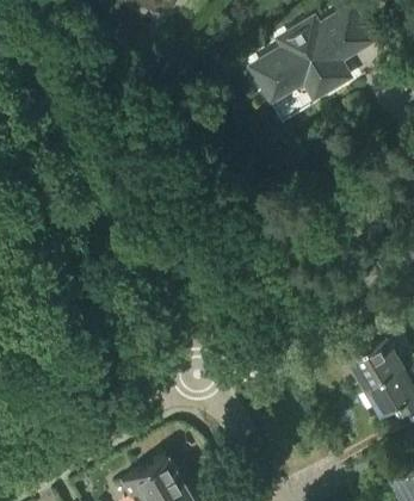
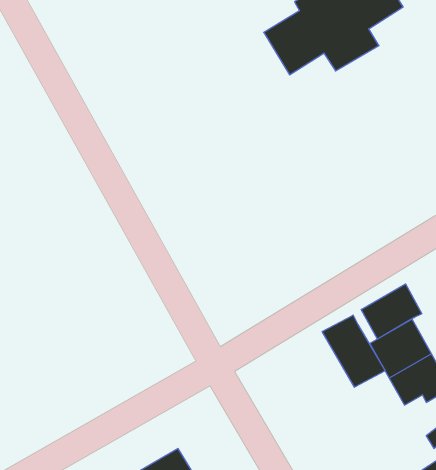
building: none -> [361,284,422,339]
building: none -> [322,315,385,387]

